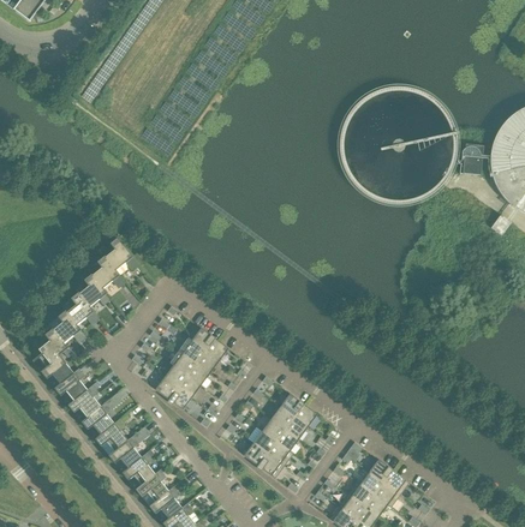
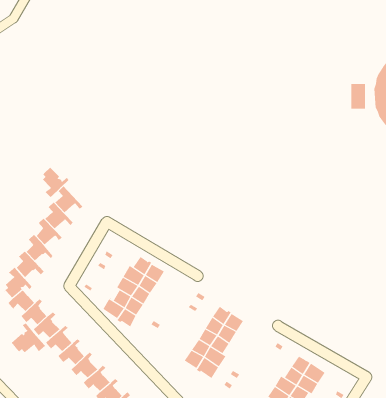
building: none -> [41,167,69,198]
building: none -> [11,323,46,354]

